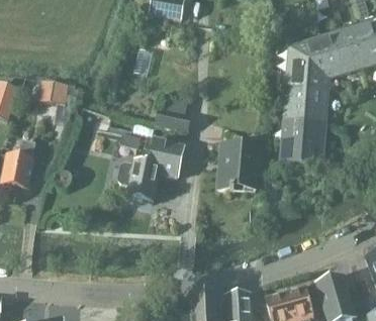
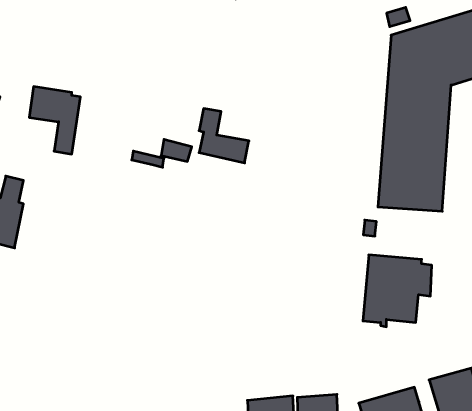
building: [116,136,183,202] -> none
building: [217,142,265,192] -> [363,255,432,327]

